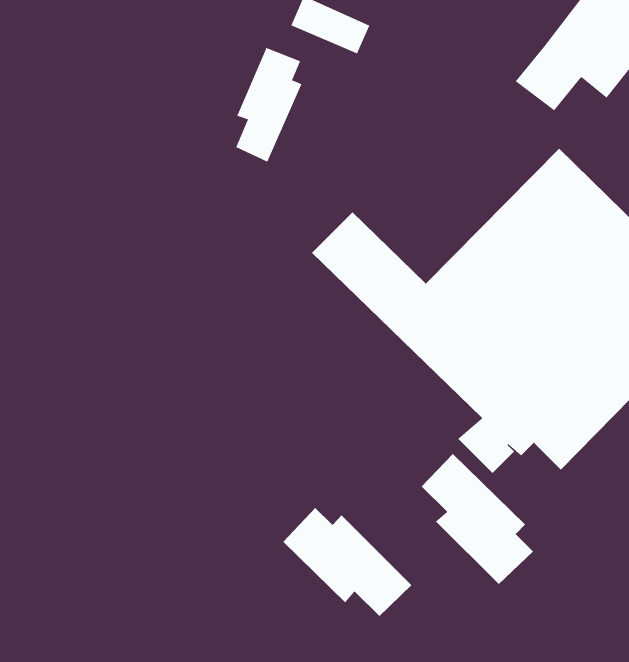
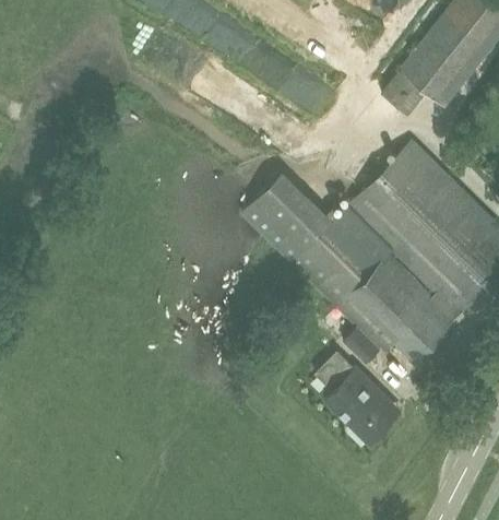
building: [235,47,302,162] -> none
building: [283,507,412,617] -> none

